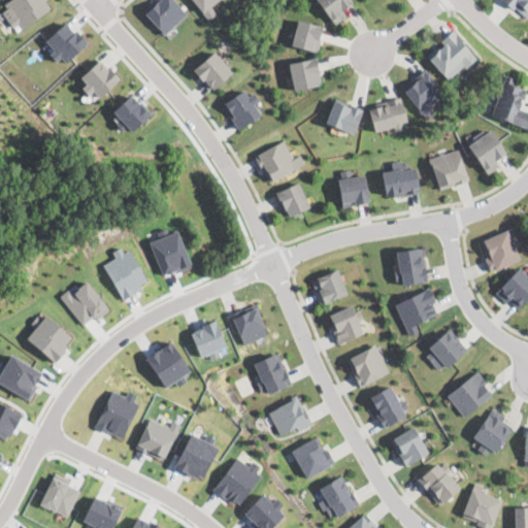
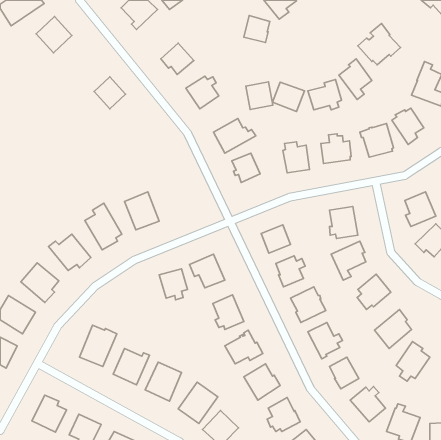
building: [290,59,322,92] -> [246,82,273,109]
building: [80,60,122,101] -> none
building: [146,341,191,388] -> none

